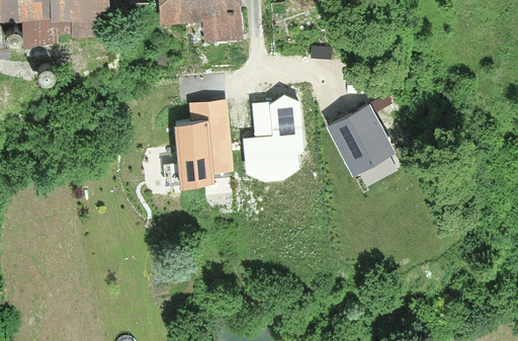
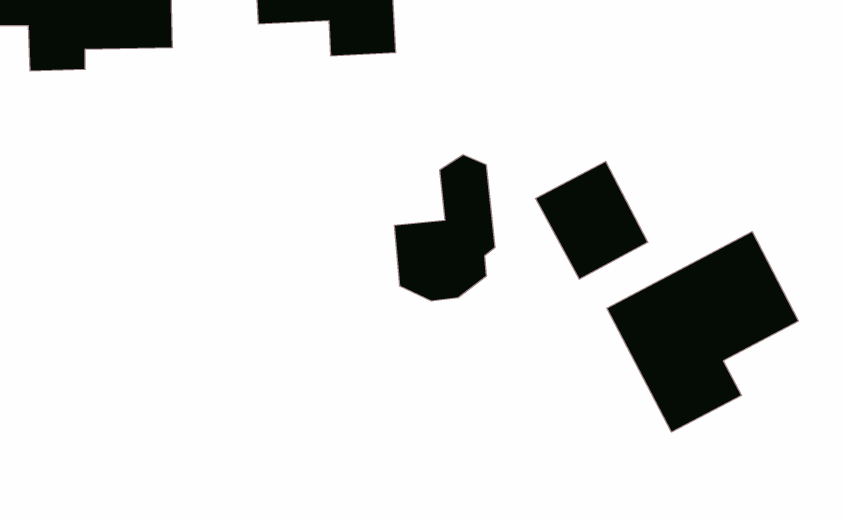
building: [174,100,232,183] -> none
building: none -> [607,232,798,432]

